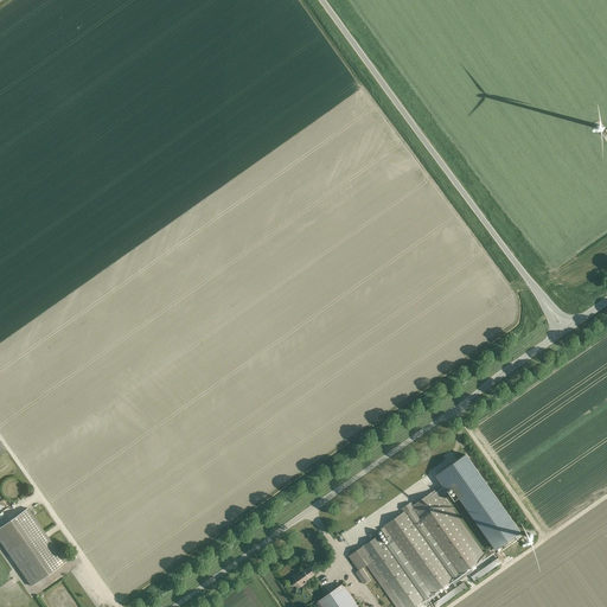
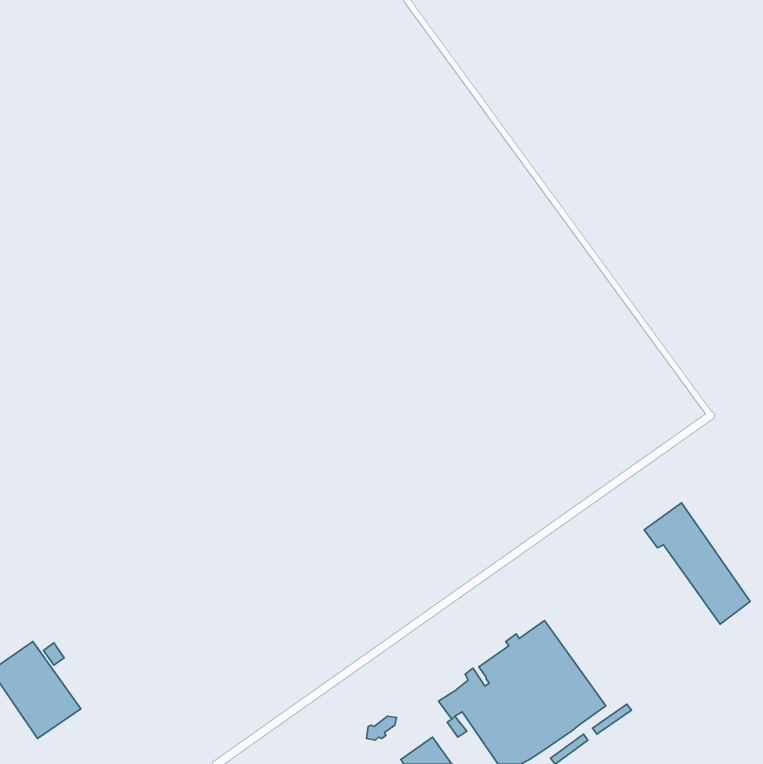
building: [435,454,519,550] -> [644,503,750,624]

